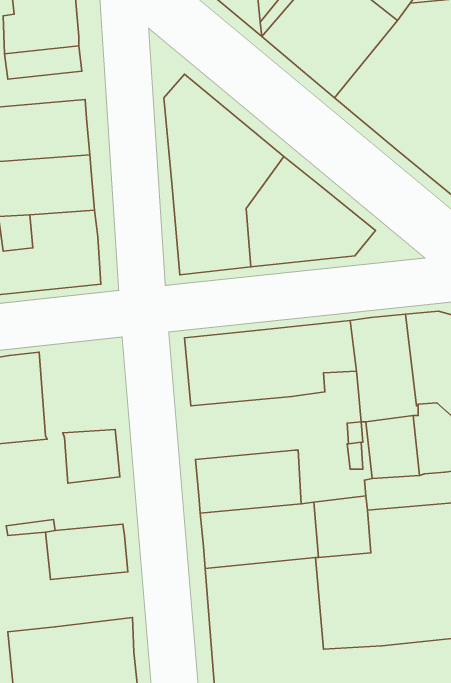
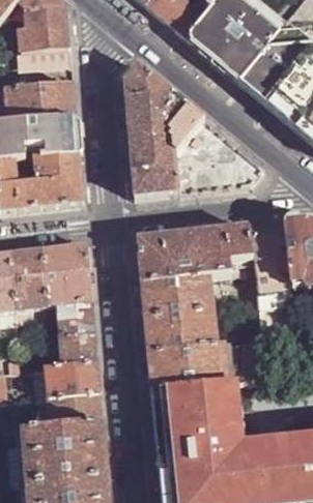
building: none -> [41,238,91,298]
building: none -> [141,272,209,314]
building: none -> [60,325,96,359]
building: none -> [49,387,103,423]

